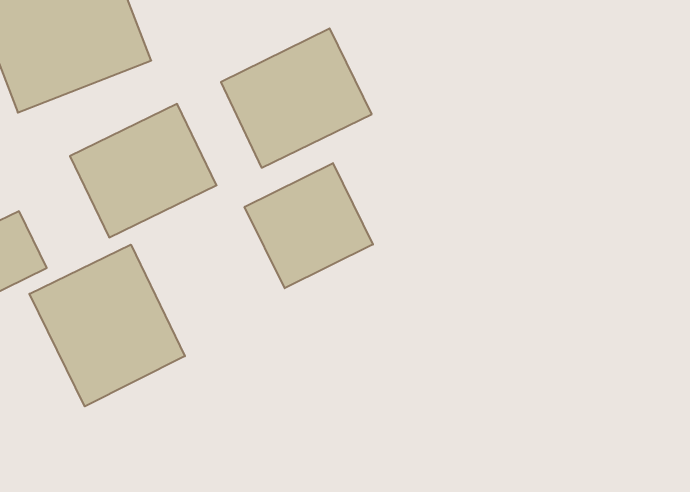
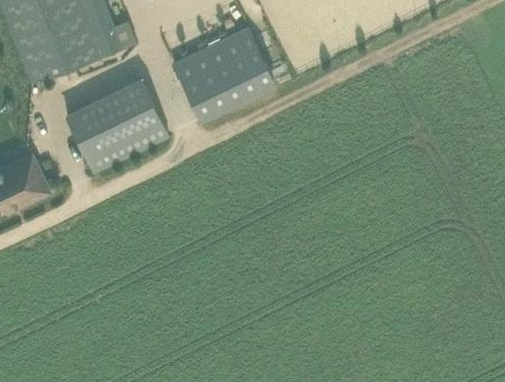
building: [245,163,373,288] -> none
building: [29,245,185,406] -> none

